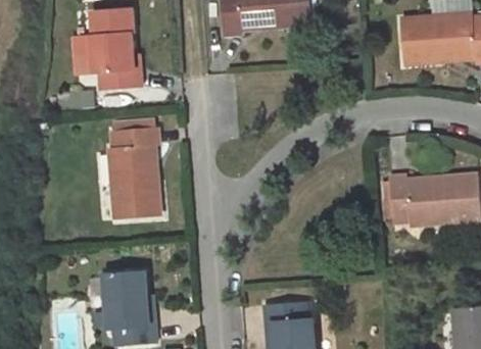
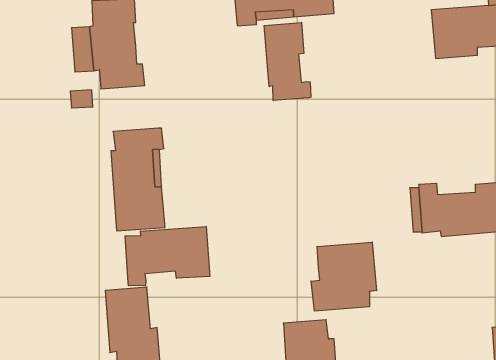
building: none -> [264,22,311,101]
building: none -> [125,226,210,286]
building: none -> [311,242,377,311]

